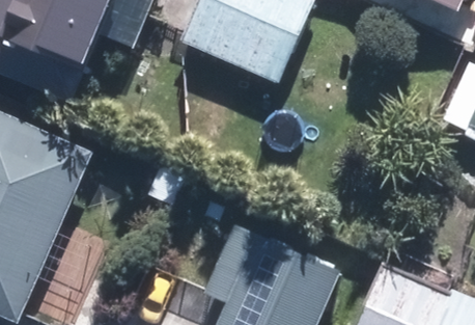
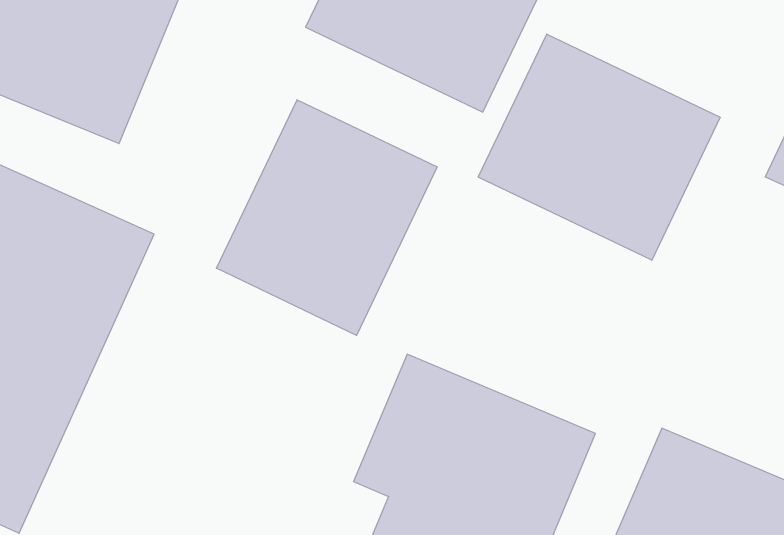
building: none -> [478,34,720,260]
building: none -> [216,100,437,335]

